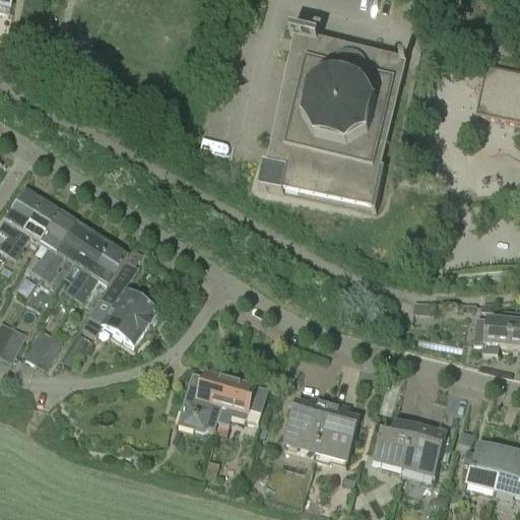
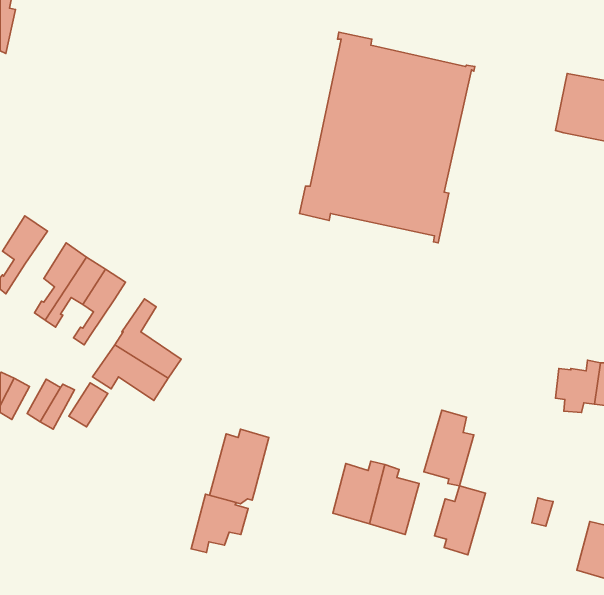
building: [6,198,58,257] -> none
building: [73,242,126,303] -> none
building: [219,375,268,425] -> [191,494,248,552]
building: [402,422,445,488] -> [424,410,474,486]
building: [468,440,507,489] -> none

